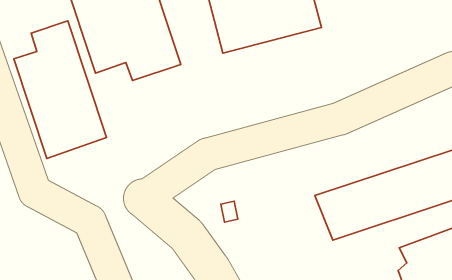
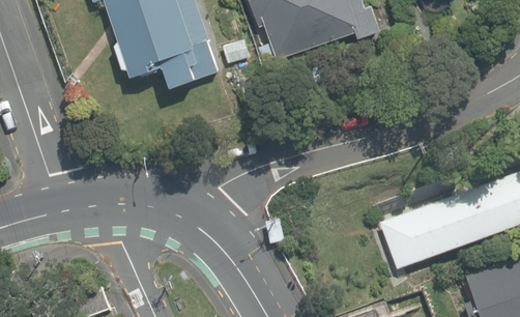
building: [14,21,107,158] -> none

